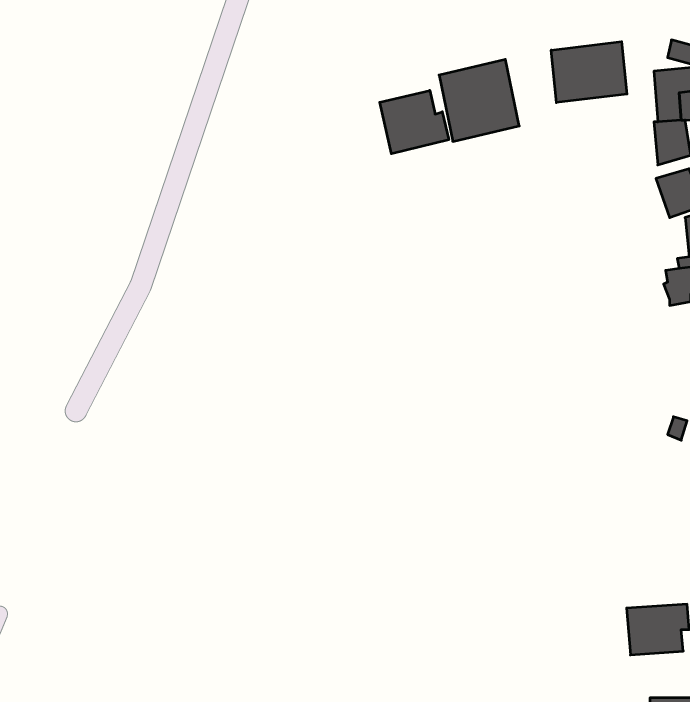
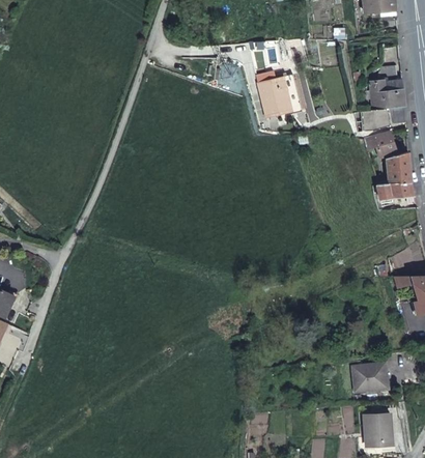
building: [551,42,627,103] -> none
building: [380,90,449,154] -> none

